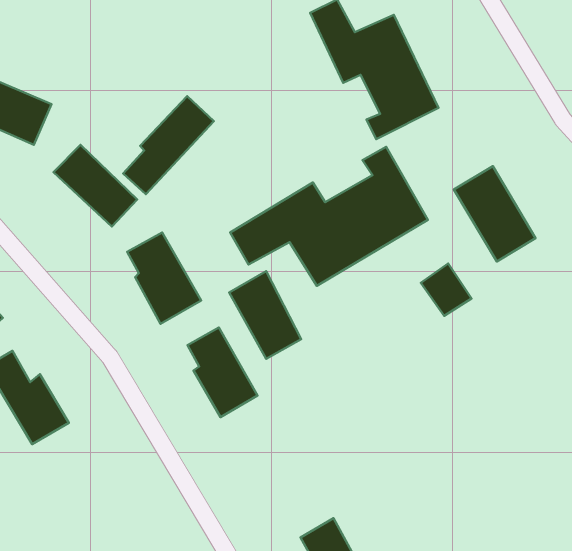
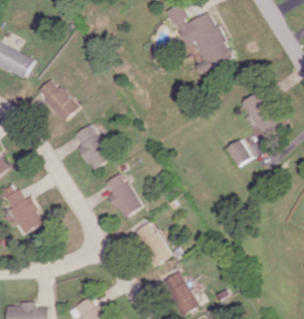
building: [123,96,214,194] -> none
building: [230,147,428,286] -> none
building: [229,271,301,359] -> [132,222,170,267]

